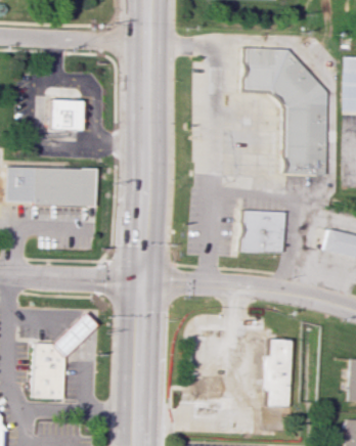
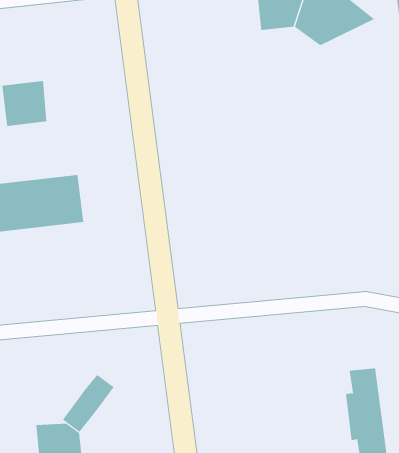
building: [281,92,326,173] -> none
building: [248,211,283,251] -> none

